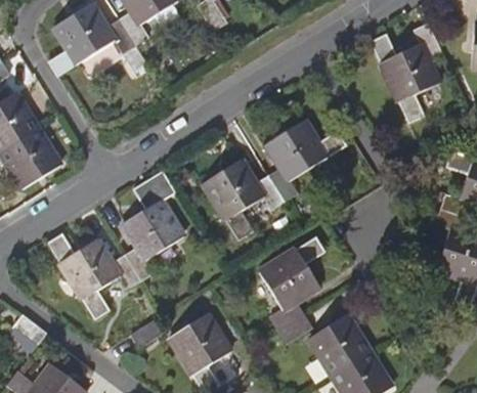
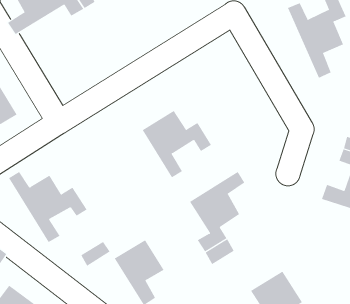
building: [267,102,348,203] -> none
building: [123,179,183,278] -> none
building: [308,313,368,374] -> none

